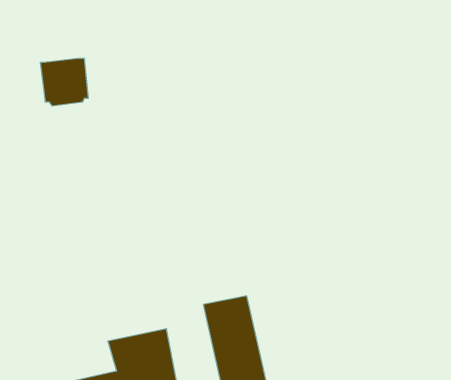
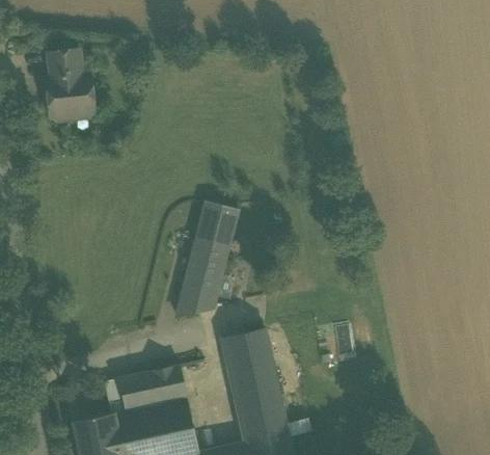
building: none -> [46,48,84,77]
building: none -> [174,205,242,323]

